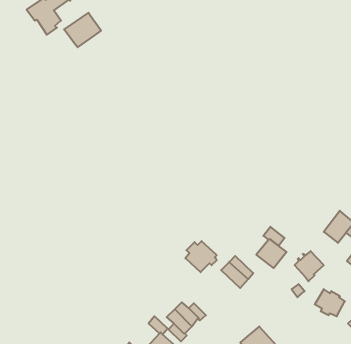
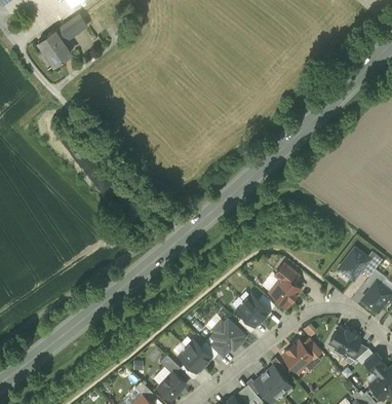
building: [64,13,101,47] -> none
building: [185,241,217,272] -> [211,320,243,352]
building: [295,251,324,281] -> [283,341,313,372]

